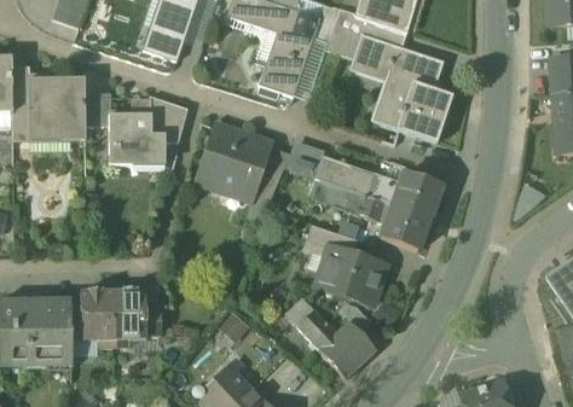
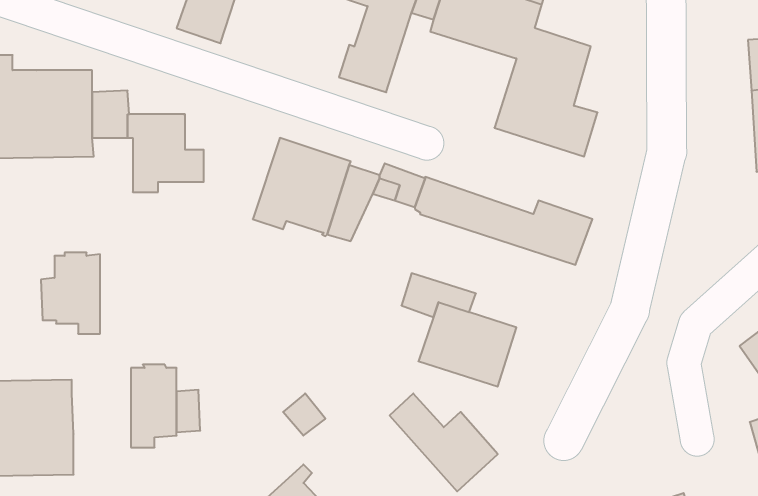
building: [149,95,186,141] -> none
building: [312,181,429,250] -> none
building: [69,290,111,348] -> [41,253,100,334]

